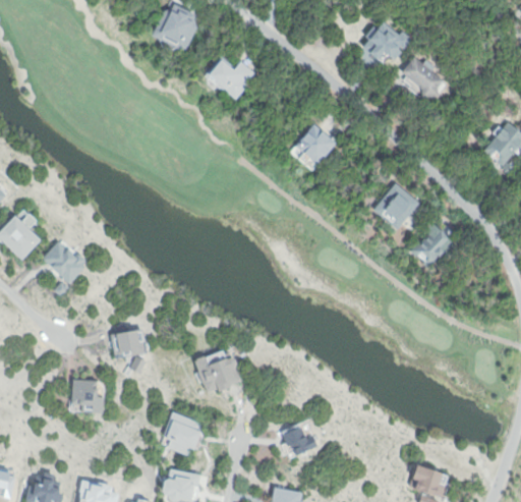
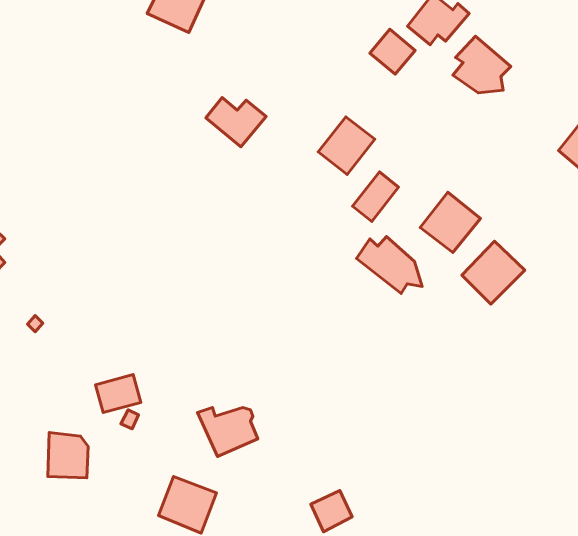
building: none -> [370,29,415,74]
building: [209,61,257,101] -> [206,98,266,147]
building: none -> [352,172,399,221]
building: none -> [356,236,422,294]
building: [43,239,85,281] -> none

